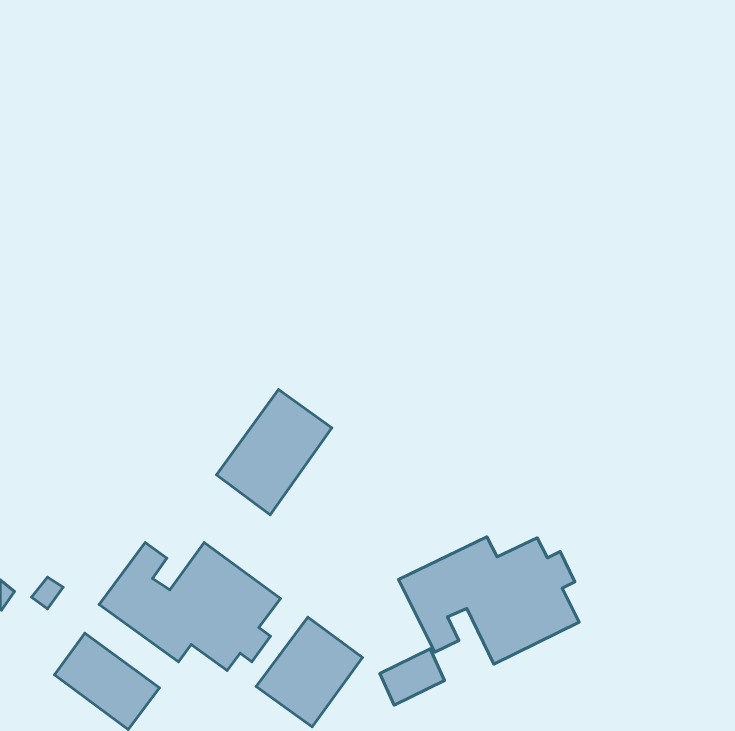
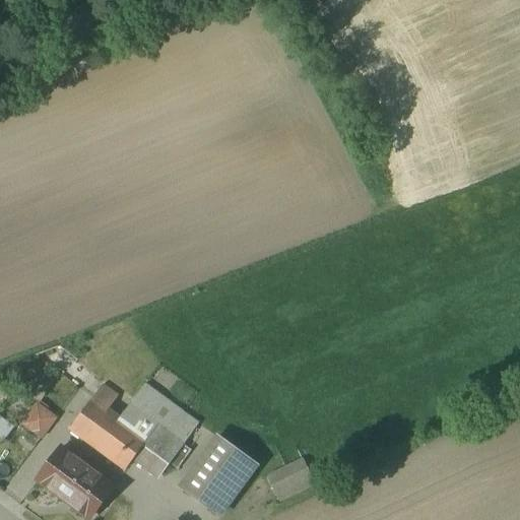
building: [216,390,332,515] -> none
building: [399,537,579,664] -> none

